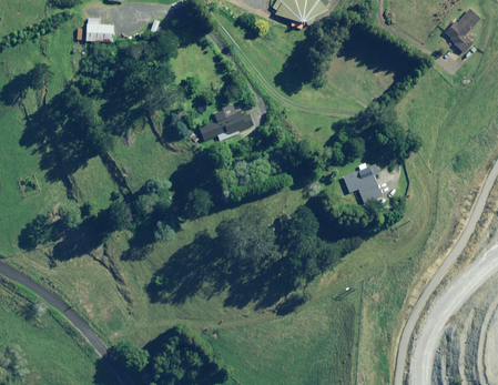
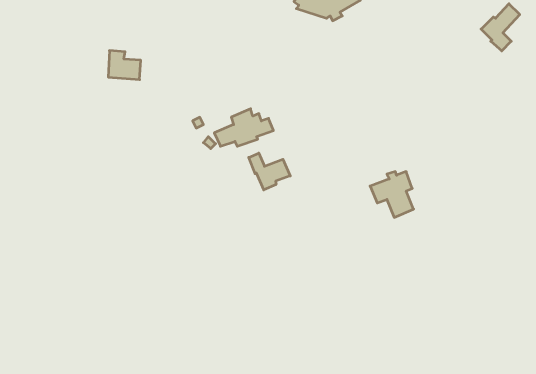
building: [85,17,115,43] -> [108,51,141,80]
building: none -> [249,153,290,190]

